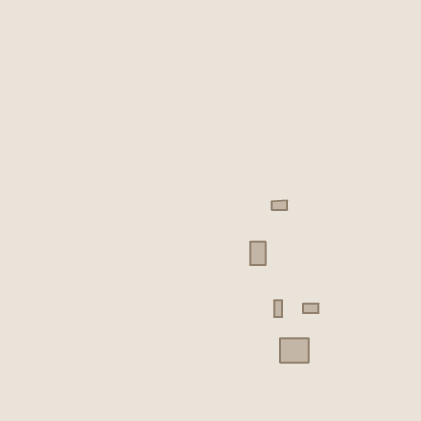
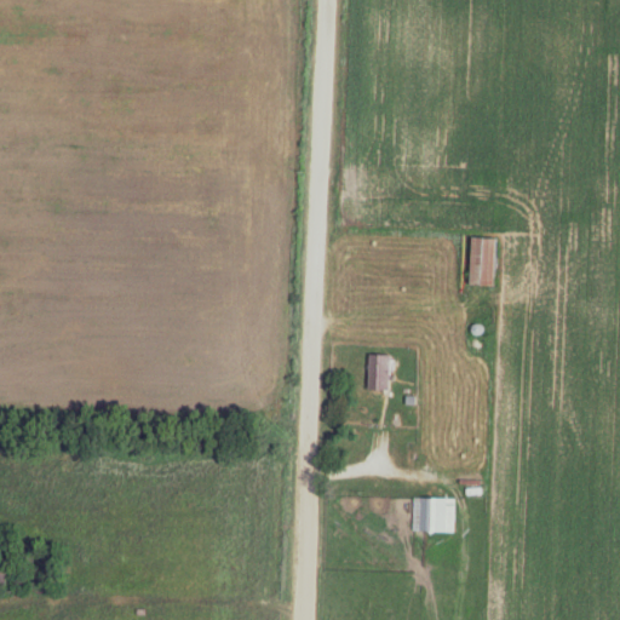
building: none -> [469,239,495,287]

